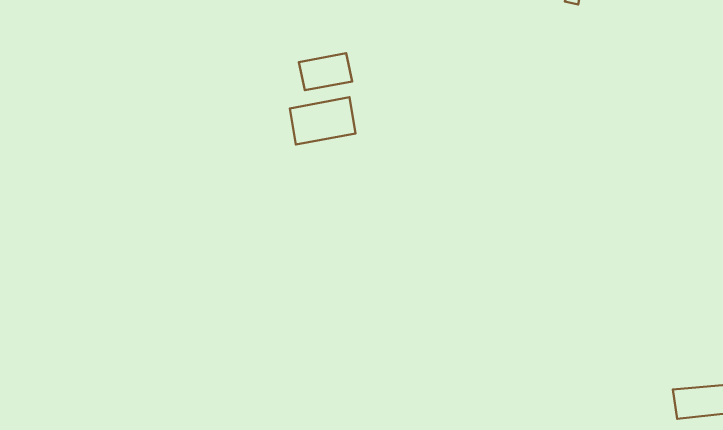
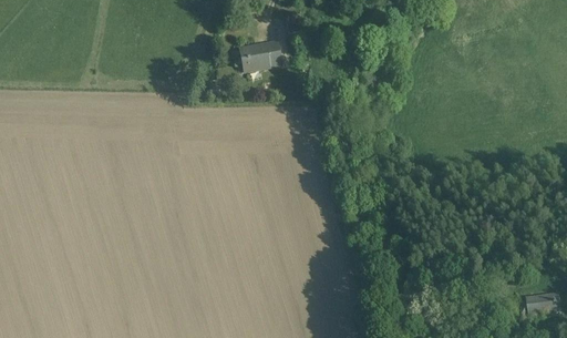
building: [290,97,356,145] -> none

